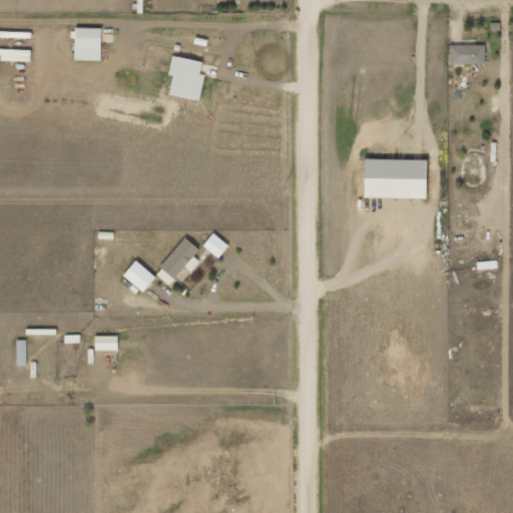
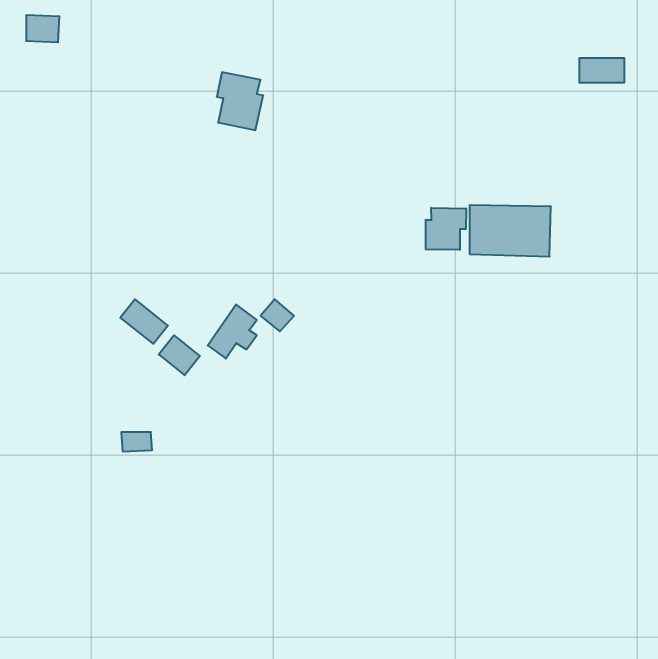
building: [75,28,101,49] -> [26,15,60,42]
building: none -> [426,208,466,250]
building: none -> [120,299,168,344]

